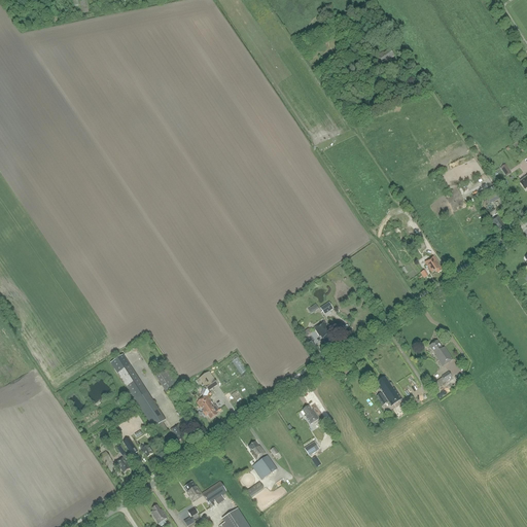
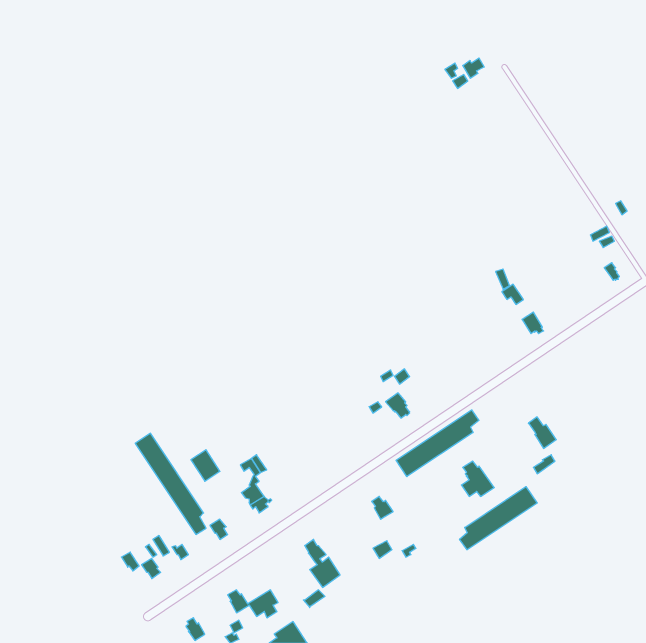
building: none -> [396,410,479,477]
building: none -> [460,487,537,550]

